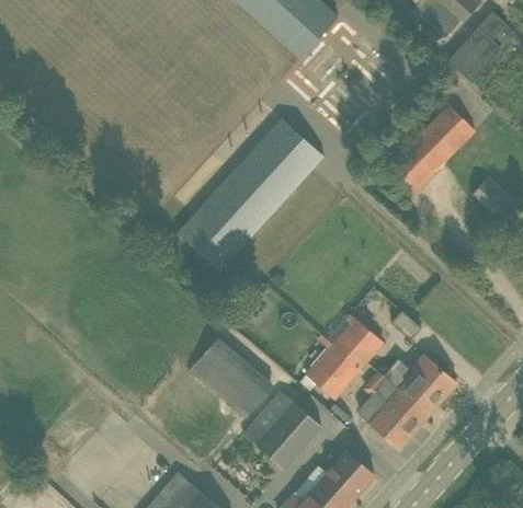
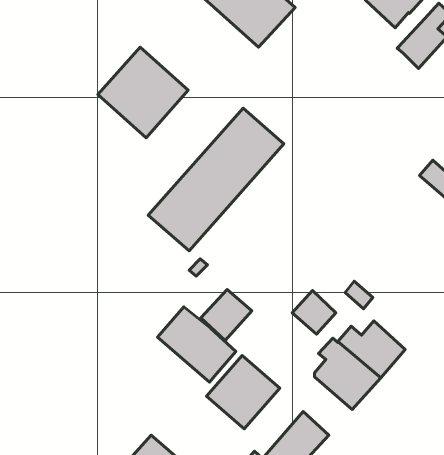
building: none -> [98,47,188,138]
building: [378,104,475,201] -> none
building: [306,344,361,399] -> [201,289,252,340]

